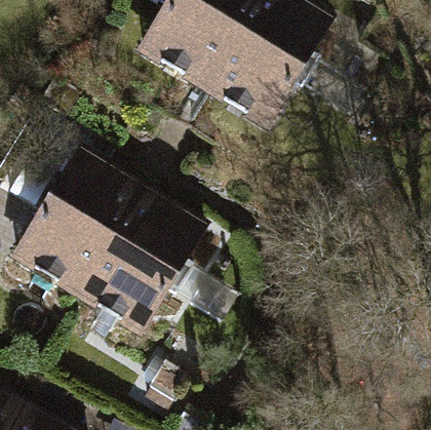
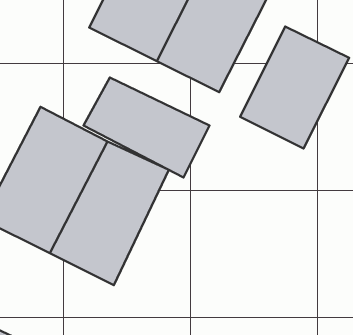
building: none -> [240,27,349,149]
building: none -> [84,77,209,178]

